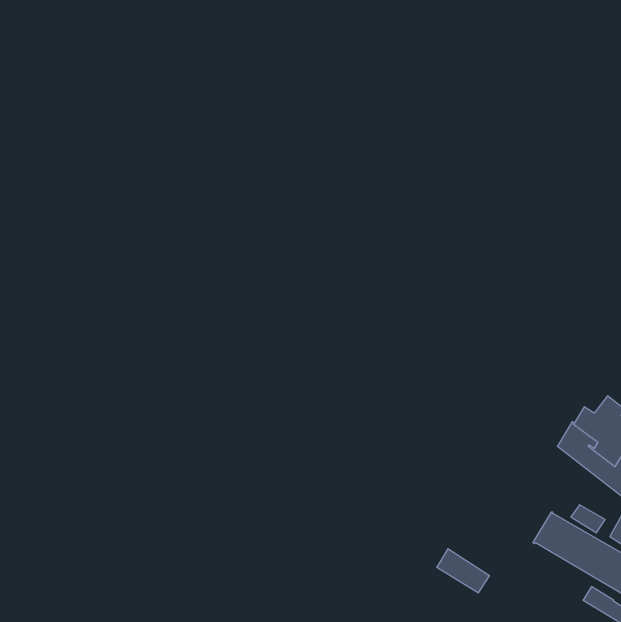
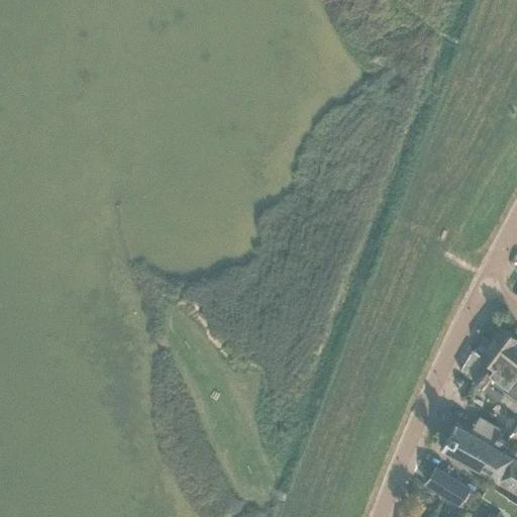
building: [437,549,489,593] -> [429,470,473,506]

